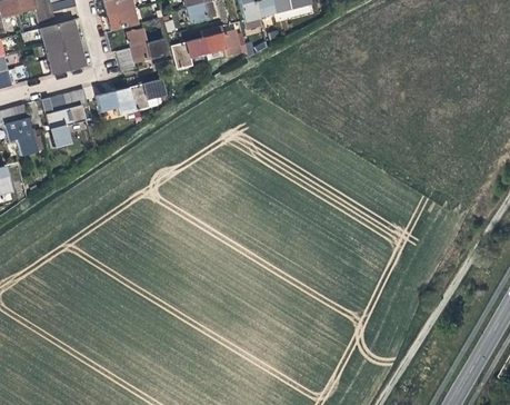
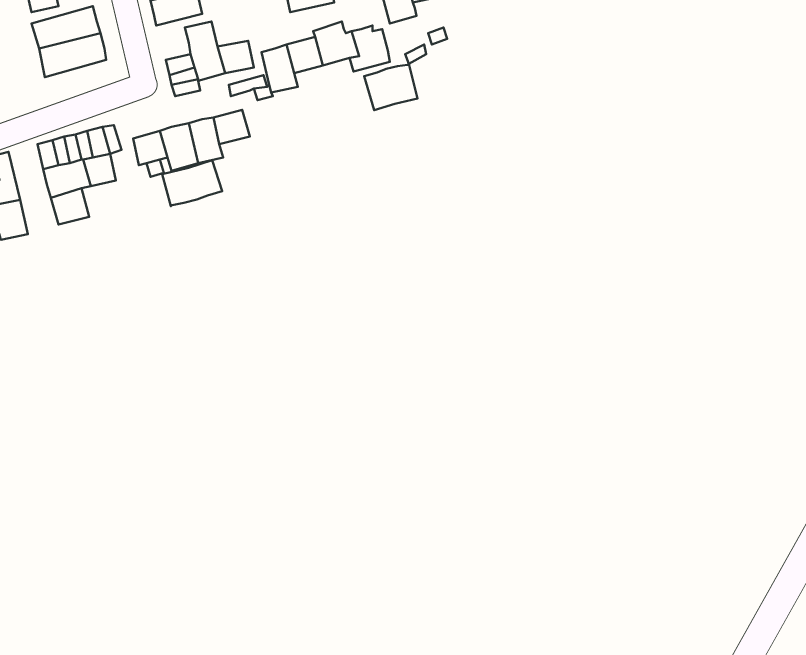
building: [47,50,87,75] -> none
building: none -> [364,64,418,110]
building: none -> [162,160,222,206]

